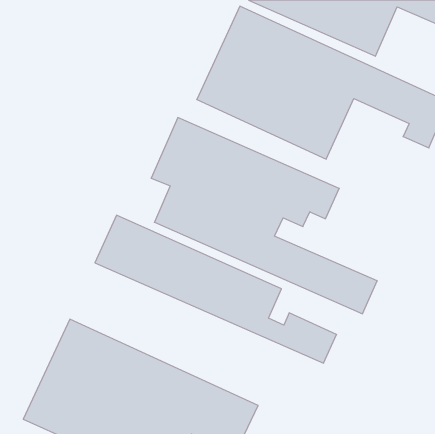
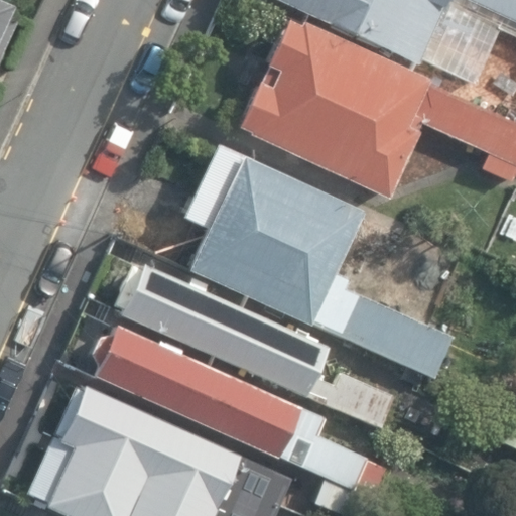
building: none -> [92,325,387,501]

